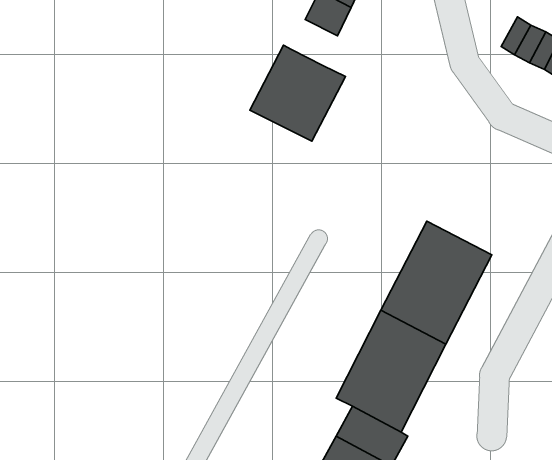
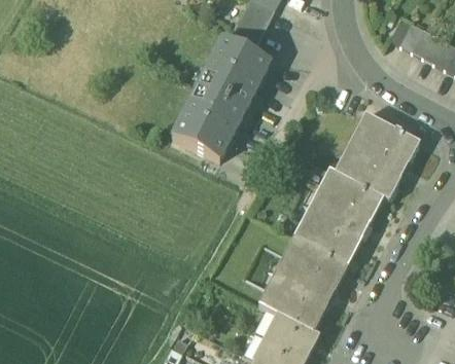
building: none -> [230,20,265,54]
building: none -> [174,88,245,158]
building: none -> [332,115,418,202]

